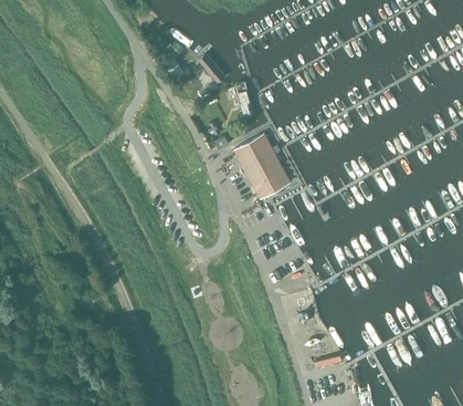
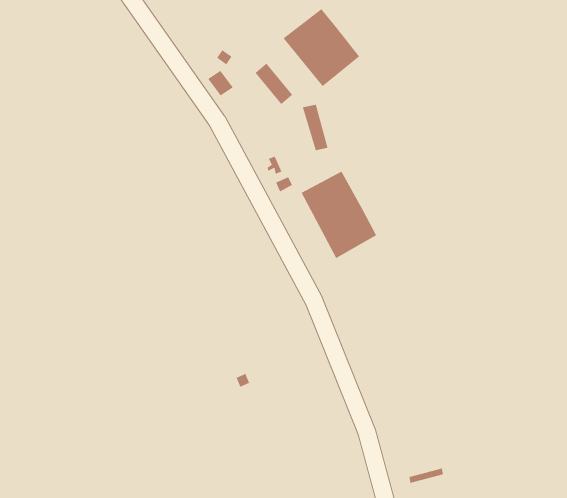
building: none -> [283,8,360,87]

